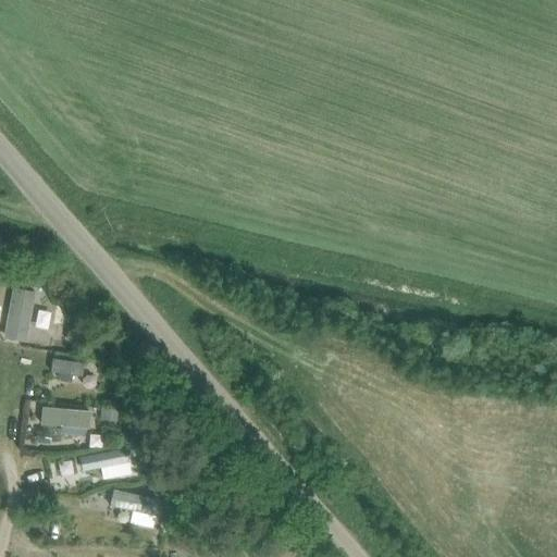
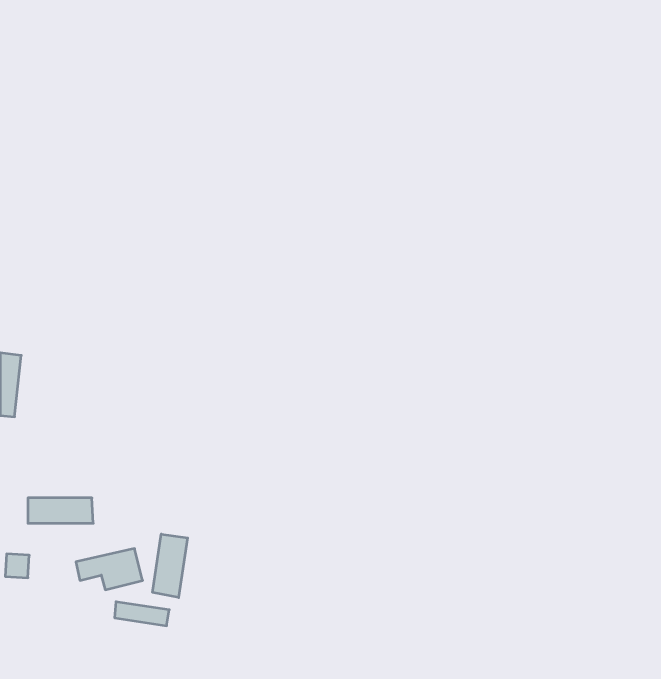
building: [48,356,84,380] -> none
building: none -> [153,534,188,598]

